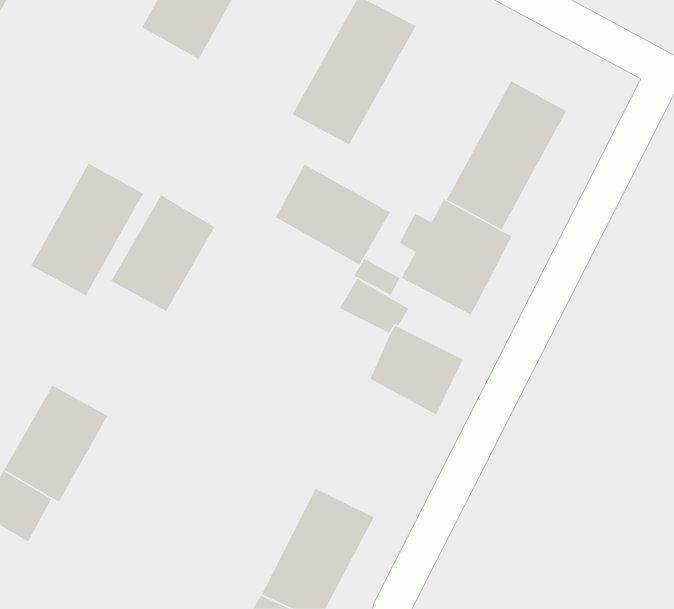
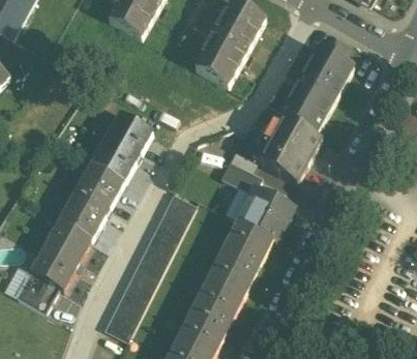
building: [30,162,144,297] -> [58,162,123,239]
building: [275,164,391,266] -> none
building: none -> [105,192,191,338]
building: none -> [208,221,273,297]

